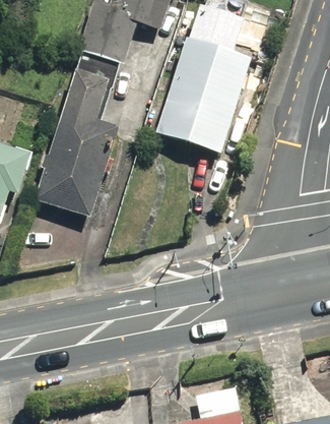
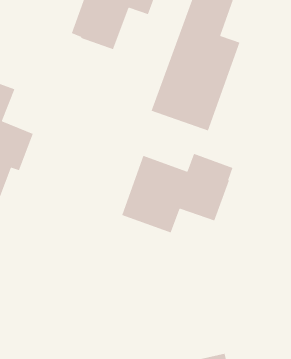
building: [31,70,123,222] -> none
building: none -> [121,153,233,234]

